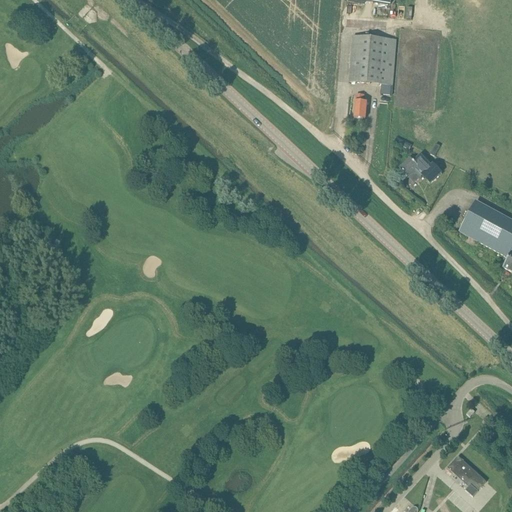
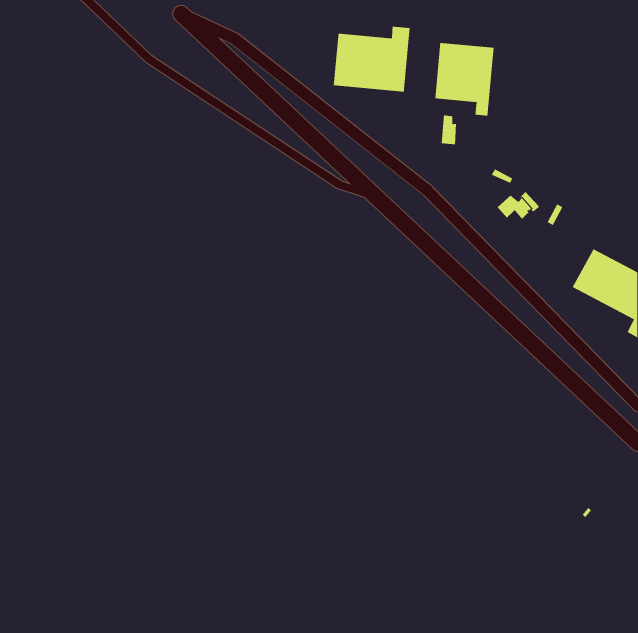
building: none -> [333,26,410,92]
building: [447,454,486,495] -> none

